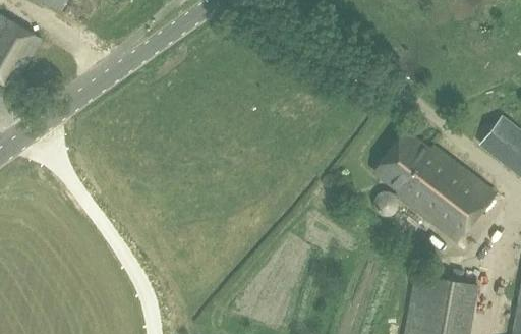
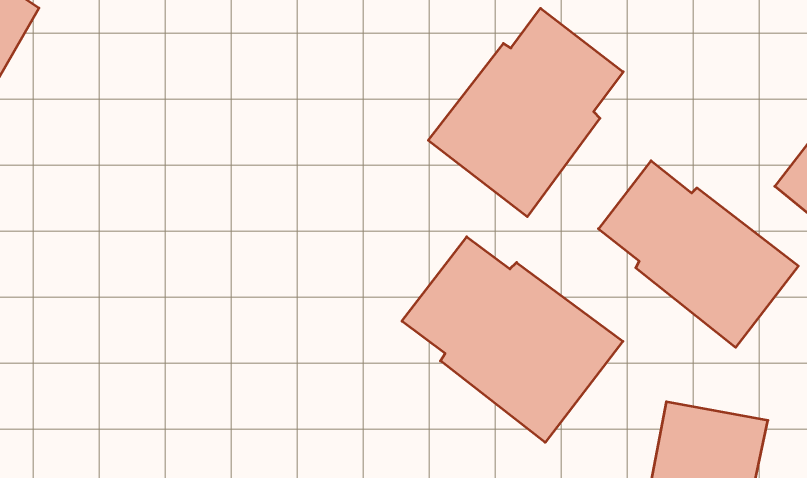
building: none -> [428,8,623,217]
building: none -> [402,237,623,442]

